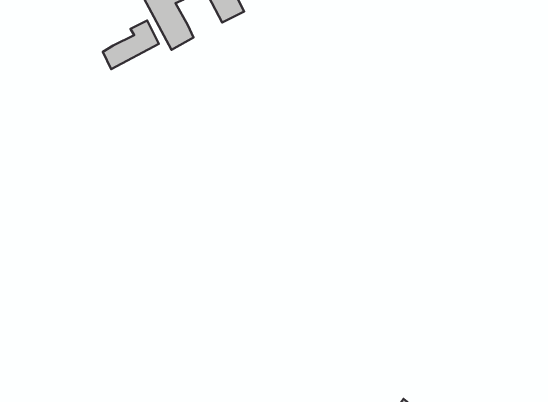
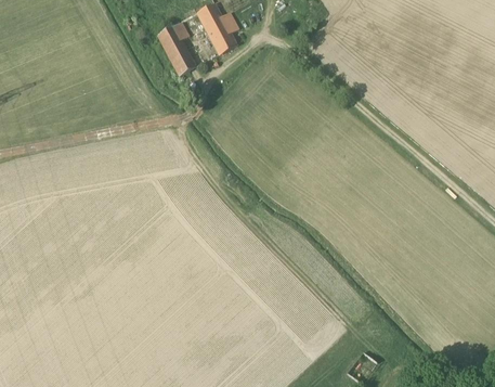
building: [103,20,159,69] -> none

